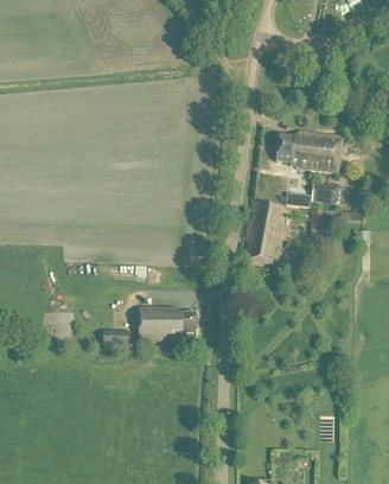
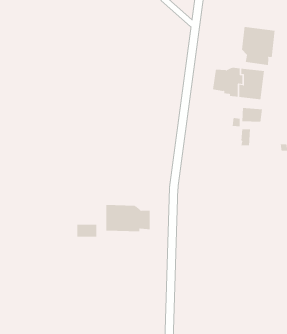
building: none -> [242,26,275,66]
building: [247,202,286,263] -> none

